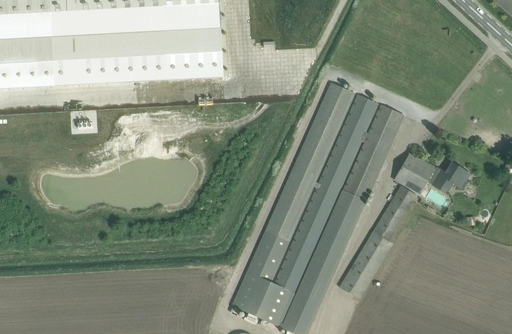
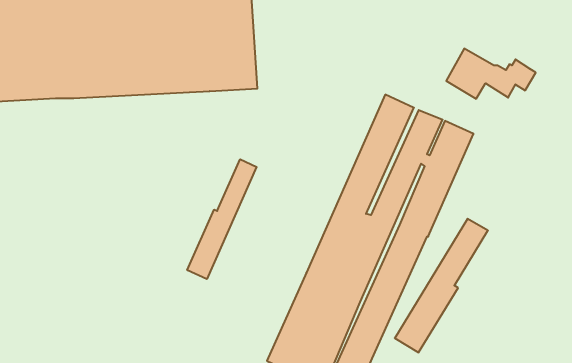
building: none -> [187,159,257,279]
building: [394,153,469,195] -> [446,49,536,99]

